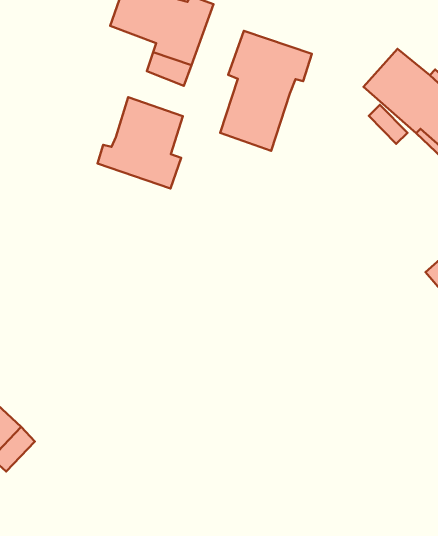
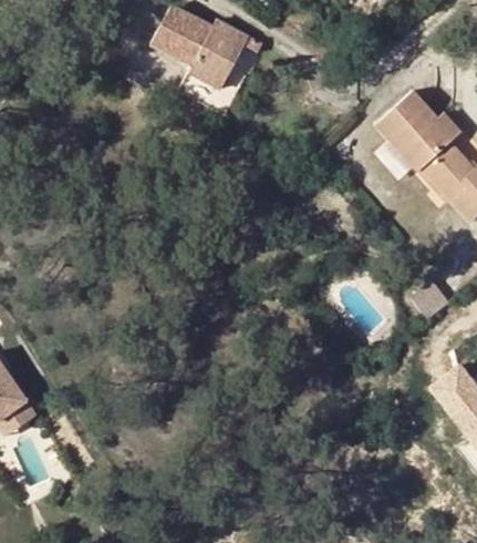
building: [220,31,312,151] -> none
building: [97,97,183,189] -> none

